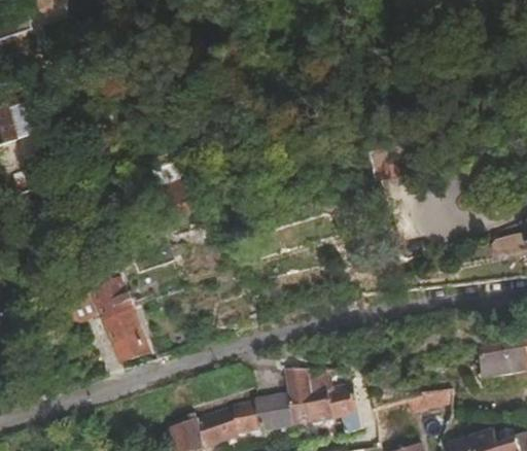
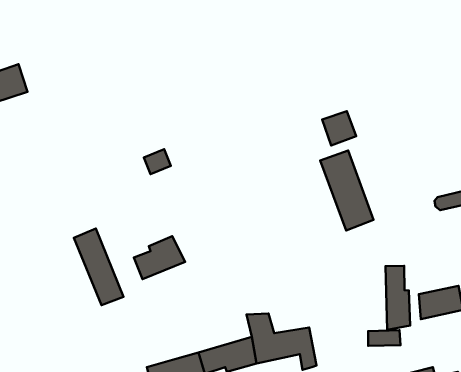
building: none -> [320,150,373,231]
building: none -> [134,236,185,279]
building: none -> [385,266,410,330]

